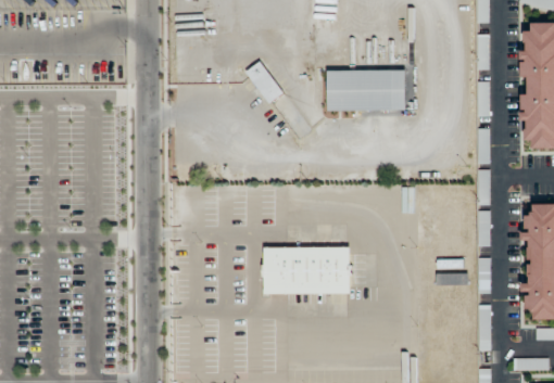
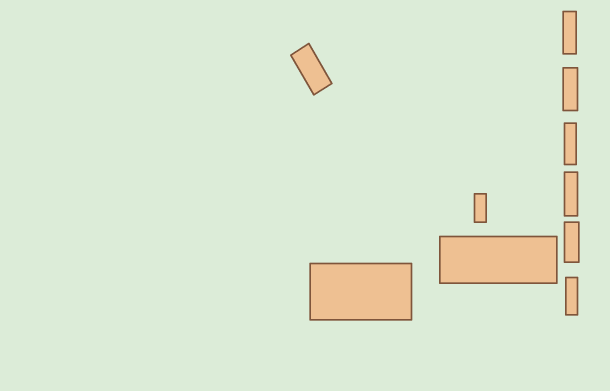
building: [330,71,407,110] -> none
building: none -> [440,236,557,283]

